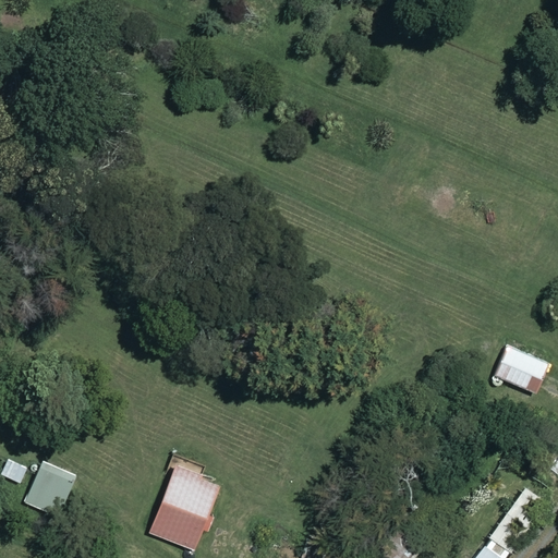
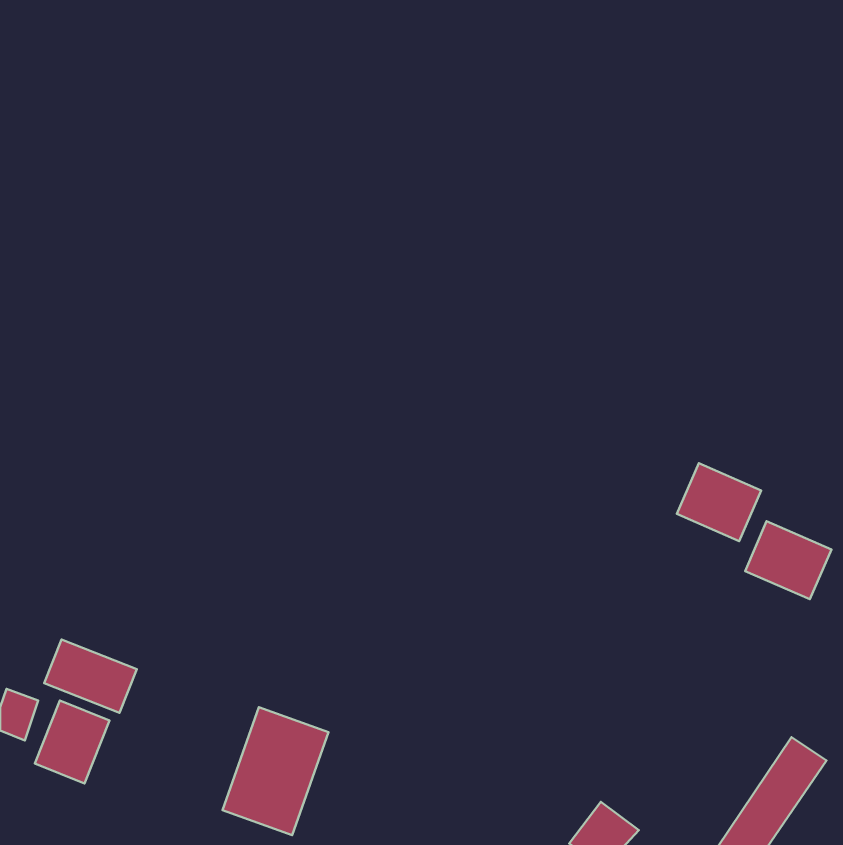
building: none -> [677,463,761,541]
building: none -> [44,640,137,713]

